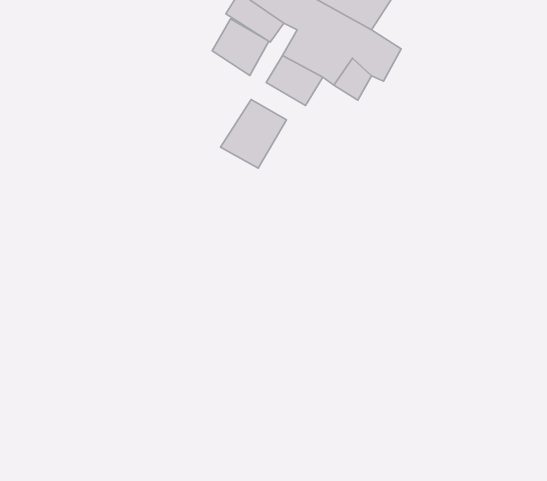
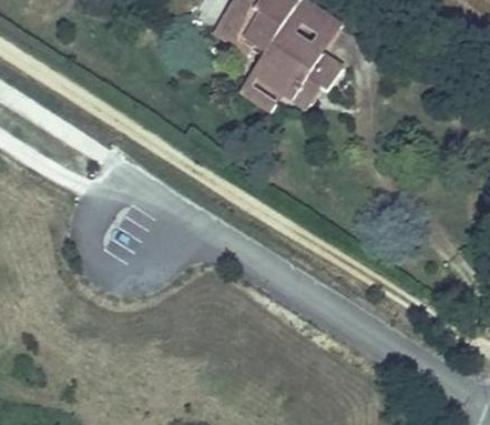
building: [212,19,269,75] -> none
building: [220,100,286,168] -> none

